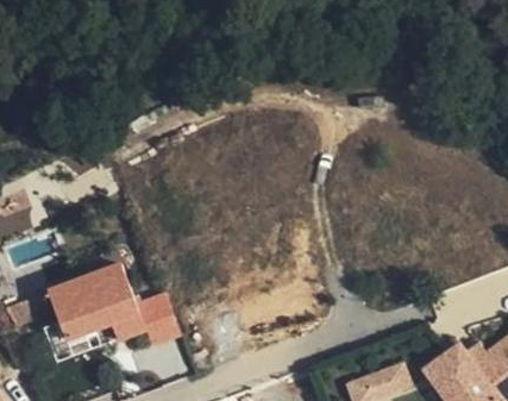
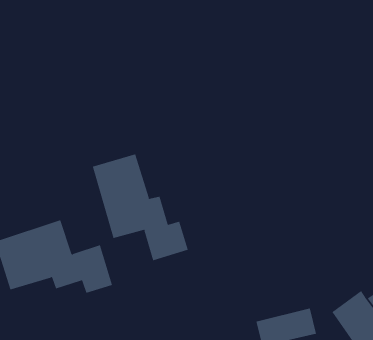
building: none -> [92,153,189,261]

